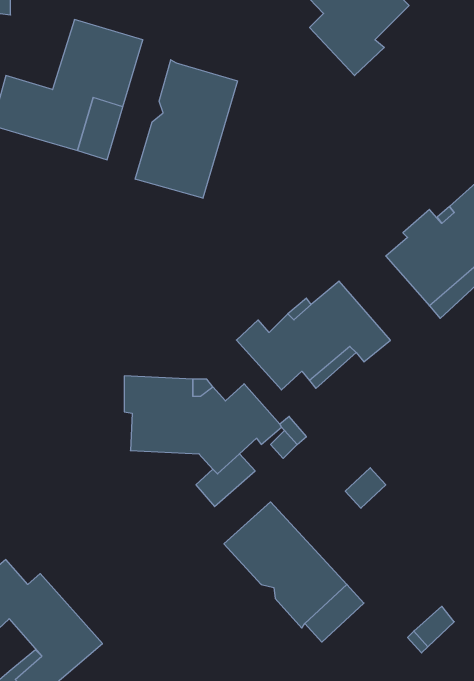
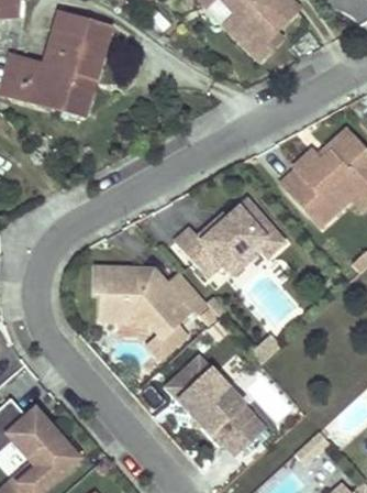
building: [135,60,237,198] -> none

